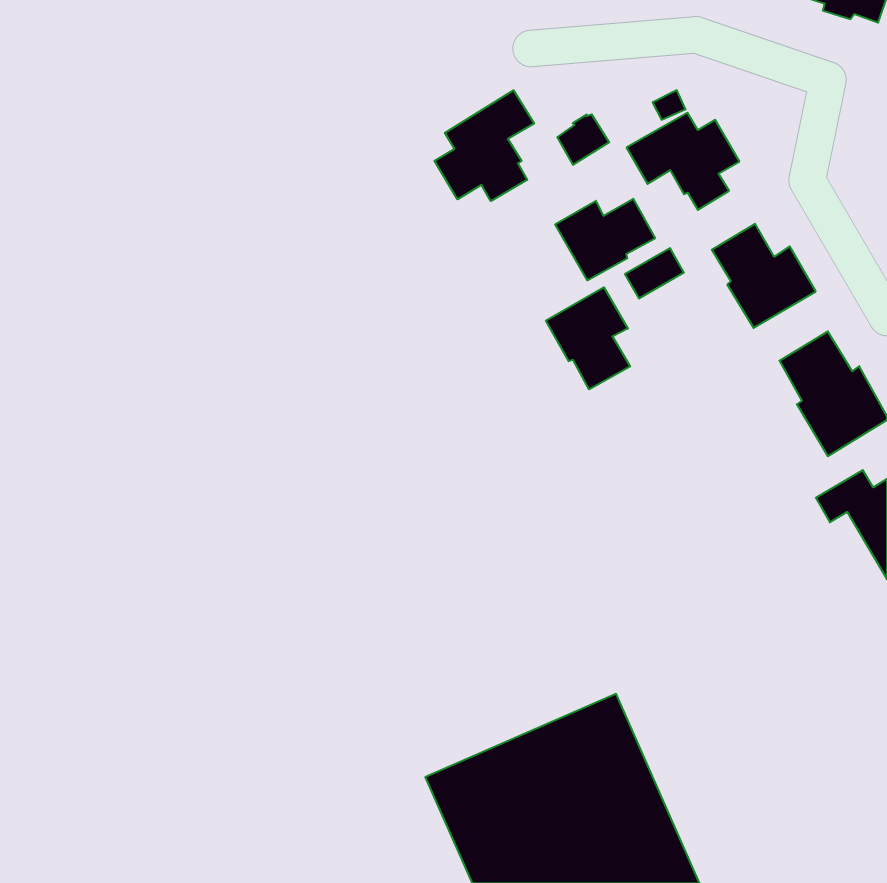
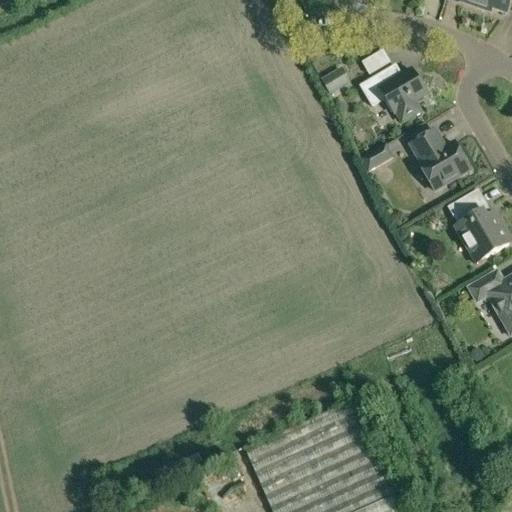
building: [434,90,534,201] -> none
building: [555,199,655,280] -> none
building: [546,287,630,389] -> none

